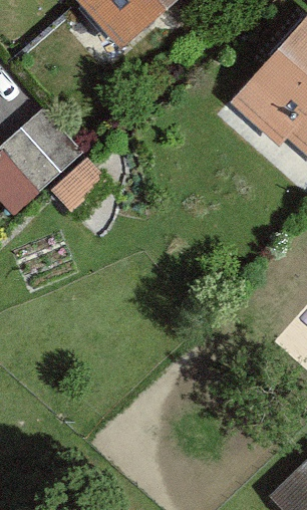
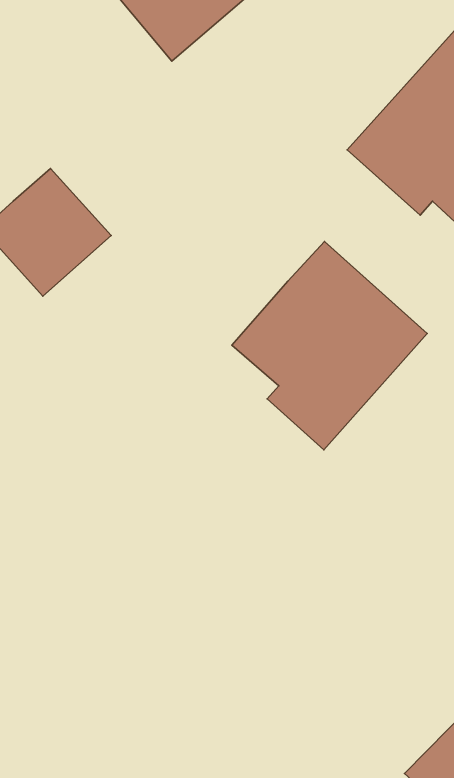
building: none -> [232,242,427,450]

